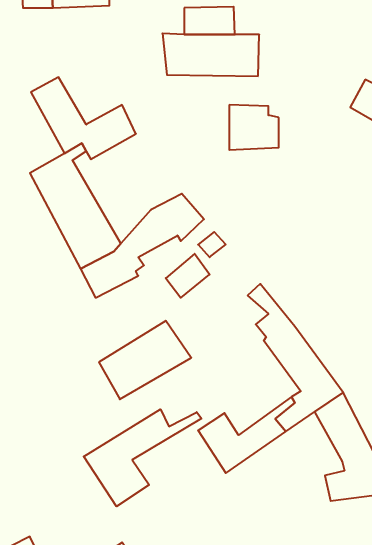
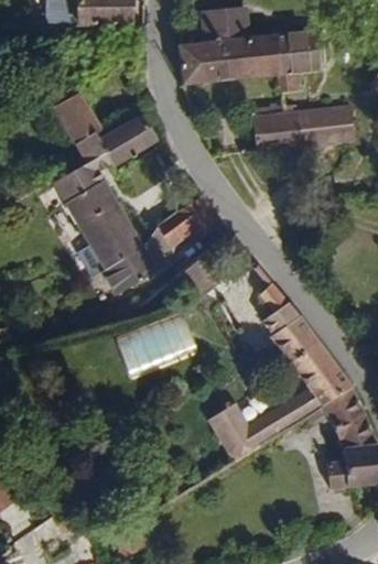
building: none -> [269,41,320,93]
building: none -> [289,121,335,152]
building: [84,409,201,506] -> none

